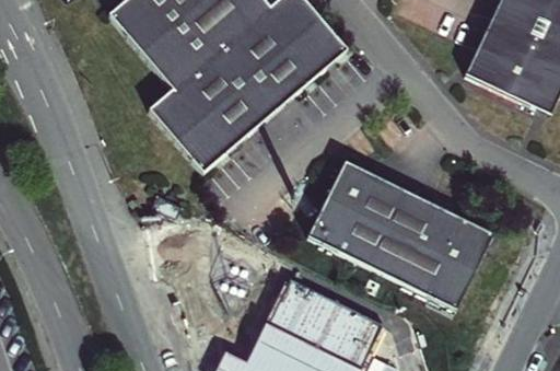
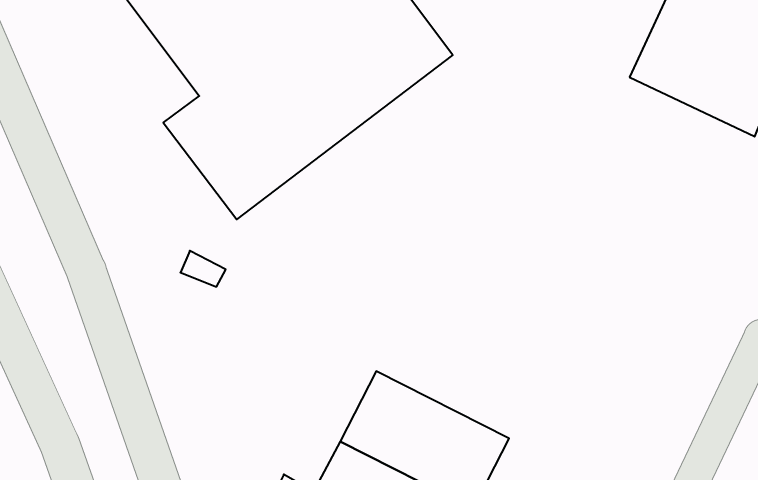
building: [311,160,498,308] -> none

